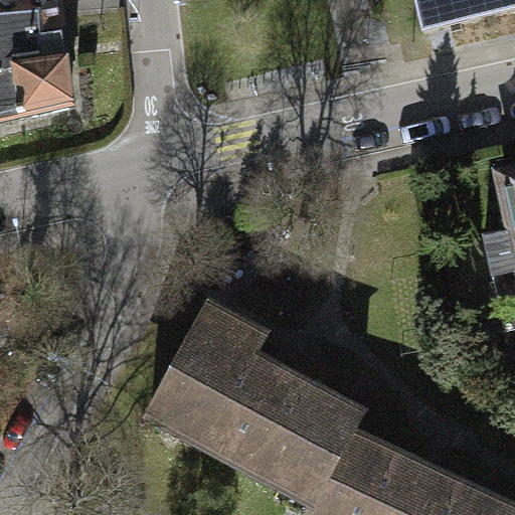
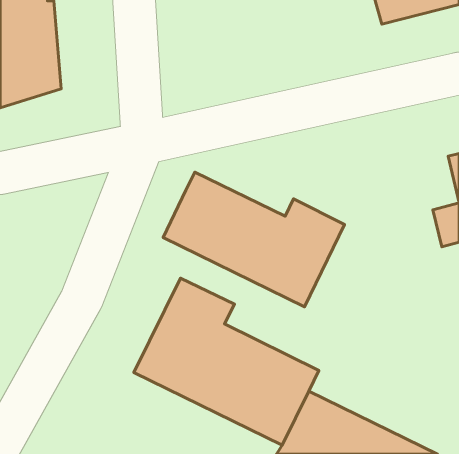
building: none -> [163,172,345,307]

